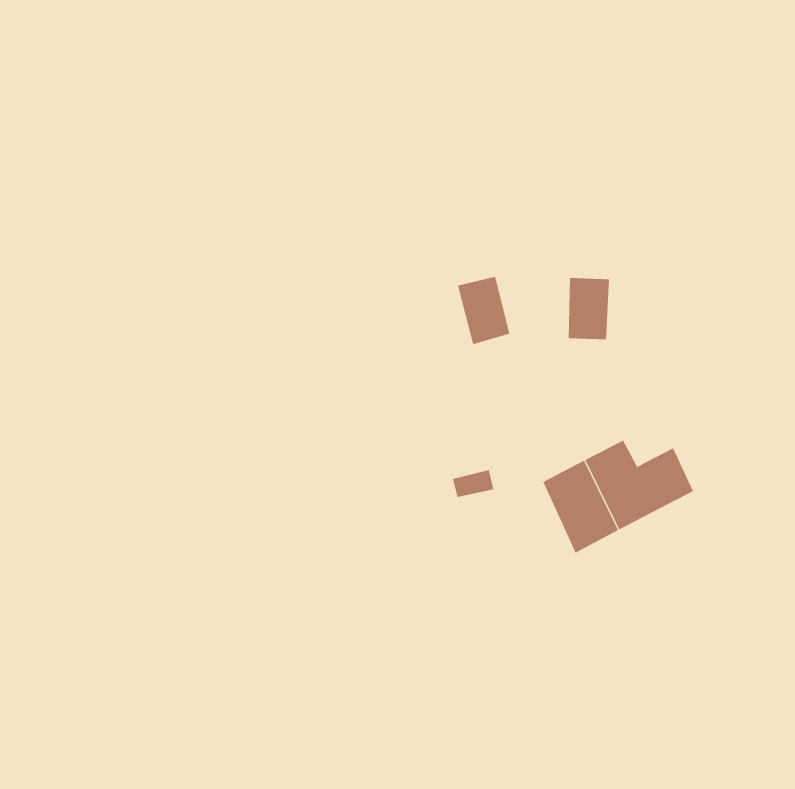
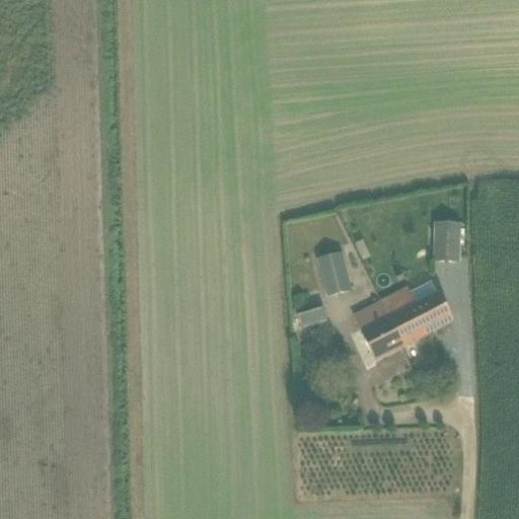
building: [457,276,510,345] -> [317,249,352,294]
building: [568,278,610,340] -> [434,220,461,261]

